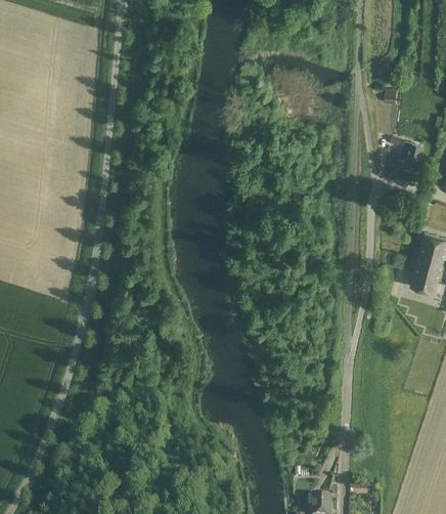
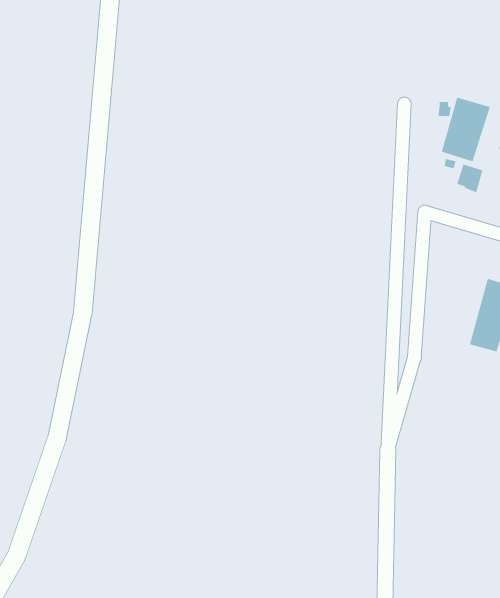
building: none -> [441,97,491,162]

